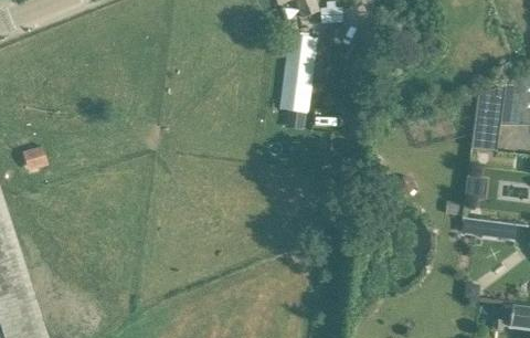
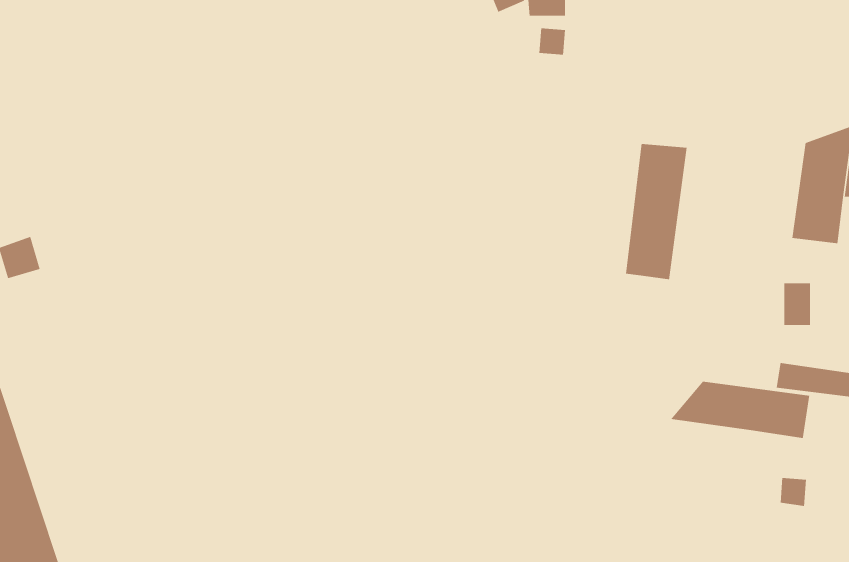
building: [279,34,315,112] -> [625,144,687,280]
building: none -> [670,381,810,439]

